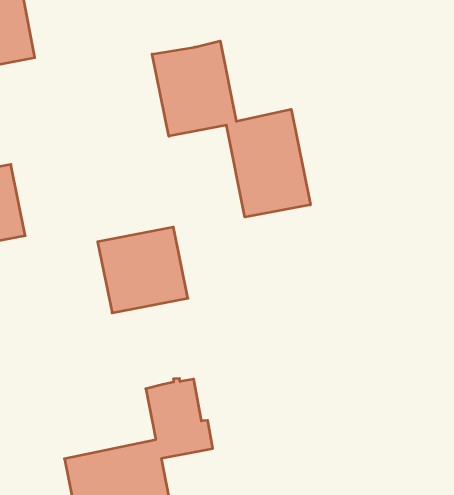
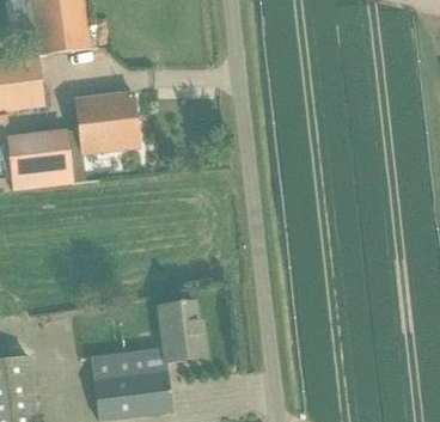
building: [152,41,310,217] -> none
building: [98,227,188,313] -> [74,92,140,154]

